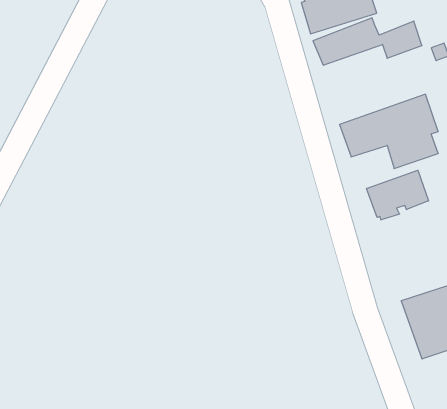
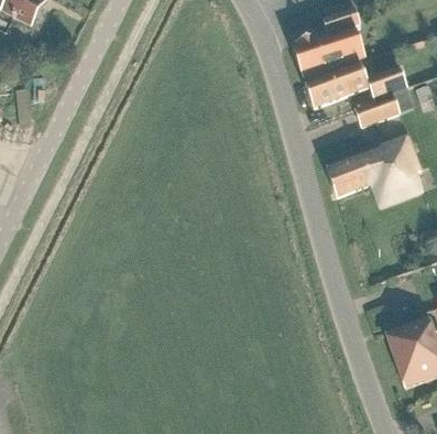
building: none -> [354,96,397,127]
building: [367,170,429,220] -> none

